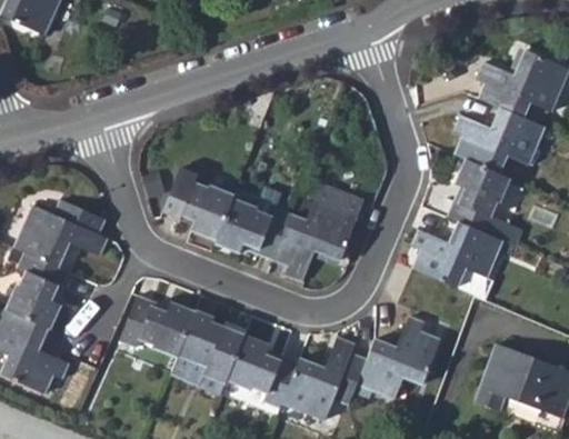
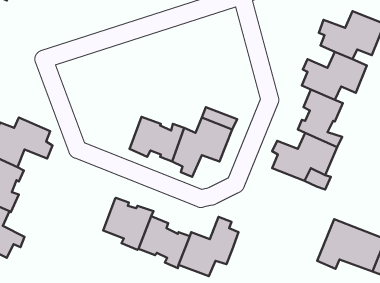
building: [161,170,233,239] -> none
building: [118,296,194,358] -> none
building: [357,316,439,397] -> none

